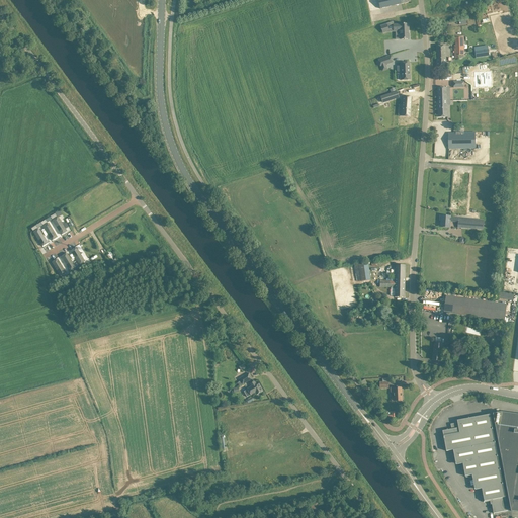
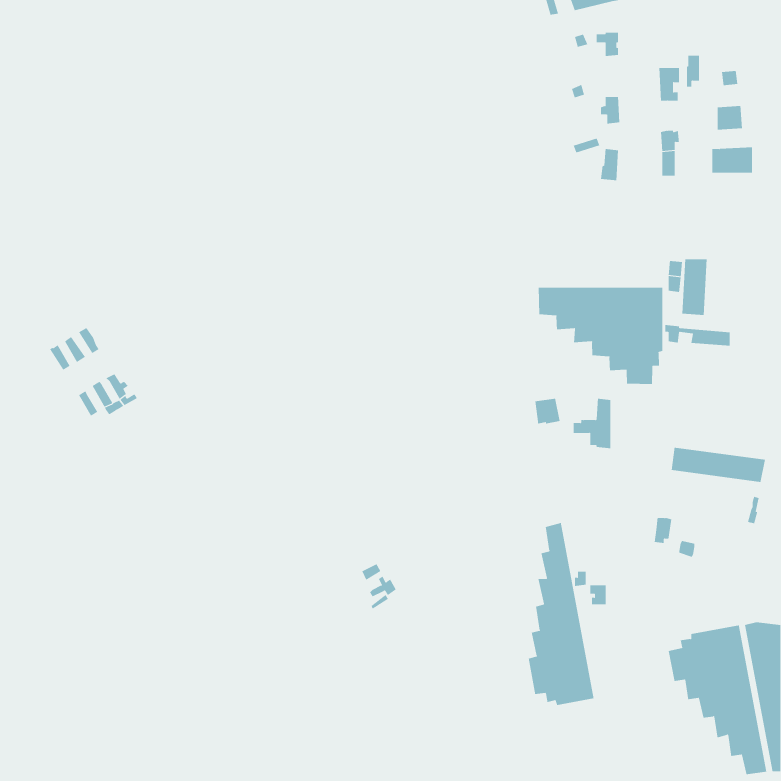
building: [447,131,474,148] -> [712,147,753,173]
building: none -> [538,287,663,385]
building: none -> [528,522,594,706]

